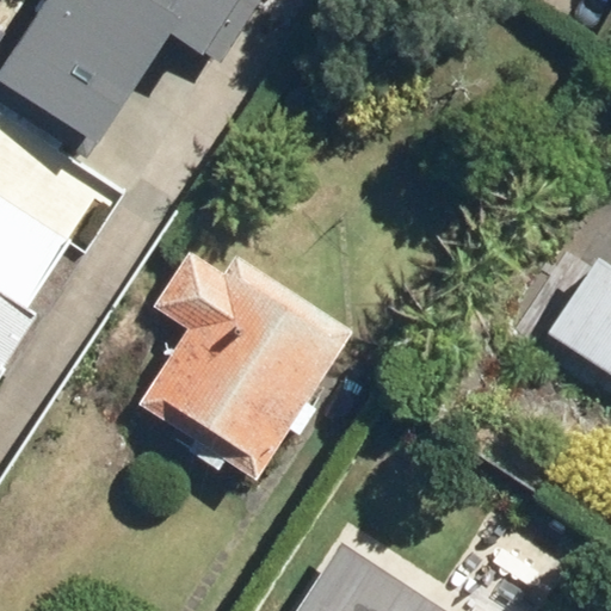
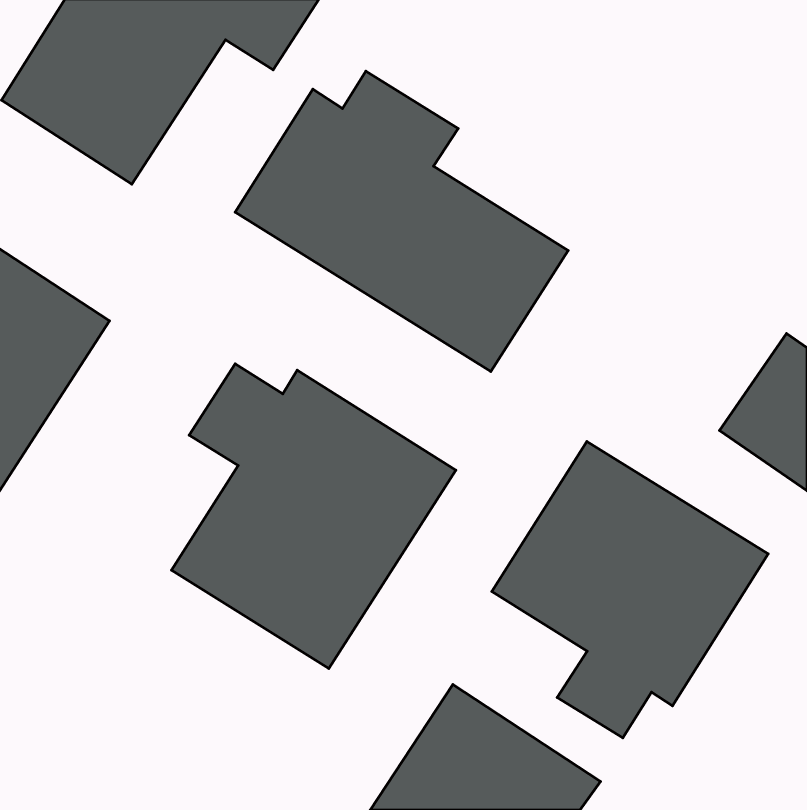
building: none -> [235,71,568,372]
building: none -> [492,441,768,738]

